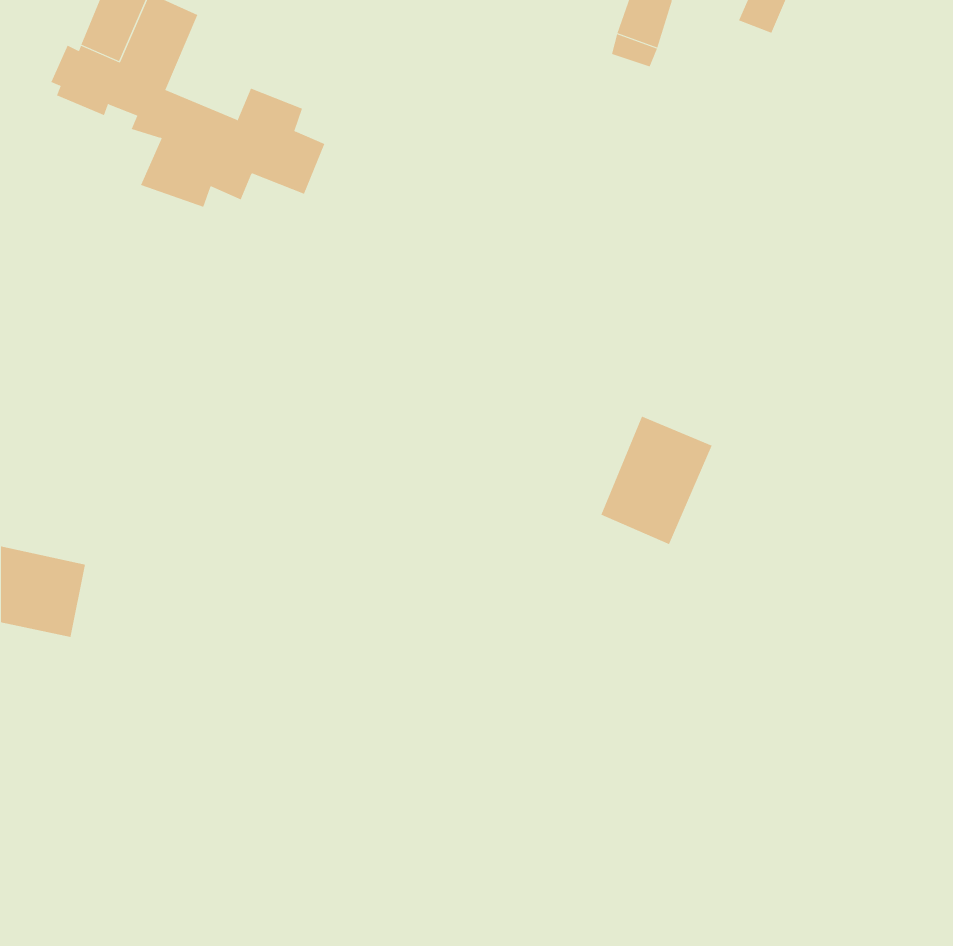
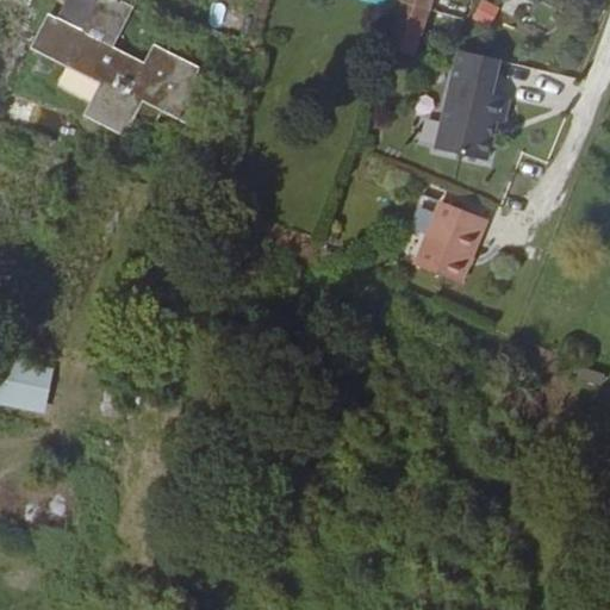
building: none -> [432,42,508,154]
building: [600,416,712,545] -> [416,195,487,278]

